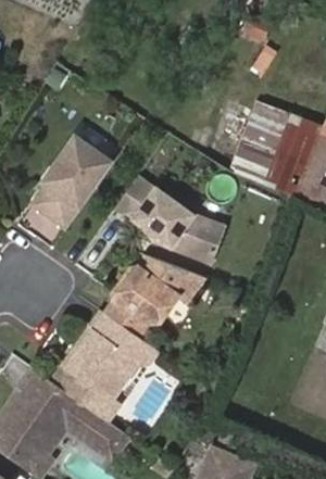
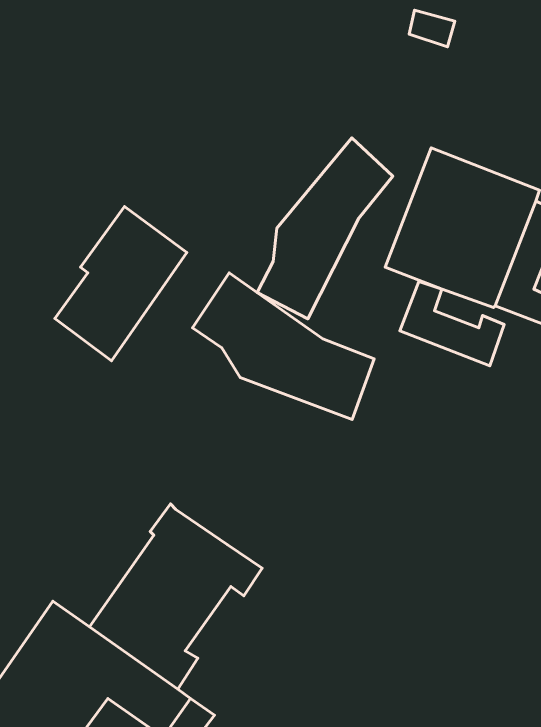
building: none -> [257,138,393,319]
building: none -> [400,281,504,366]
building: [106,256,198,336] -> none

